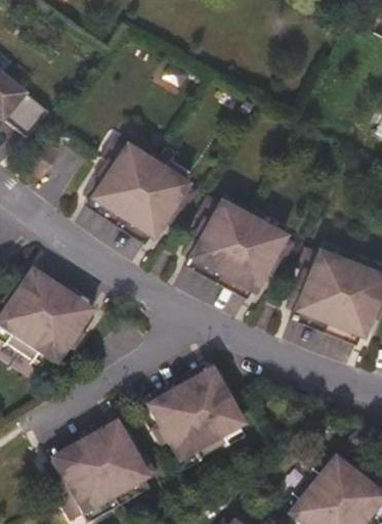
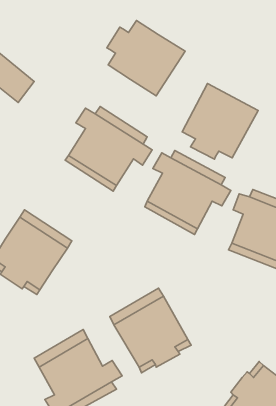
building: none -> [107,21,185,96]
building: none -> [182,83,258,159]

